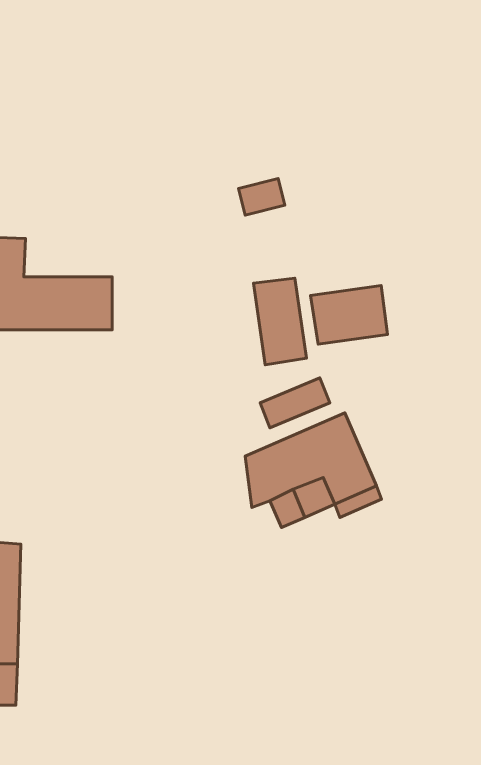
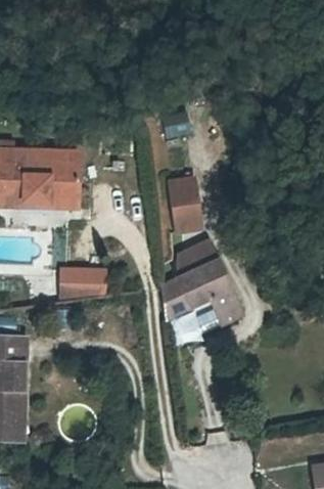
building: none -> [27,150,81,174]
building: [310,285,388,344] -> none
building: none -> [60,268,104,301]

